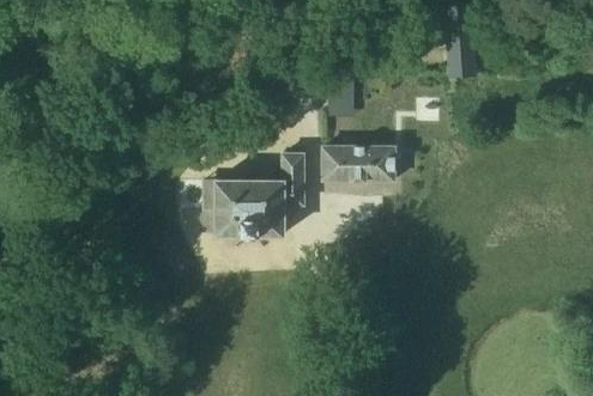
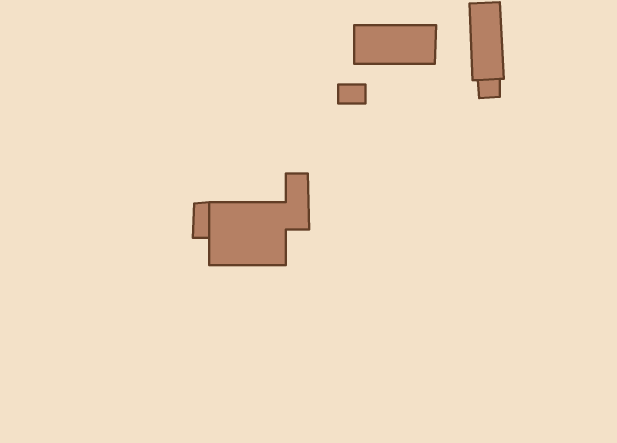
building: [323,146,395,179] -> [354,25,436,64]

